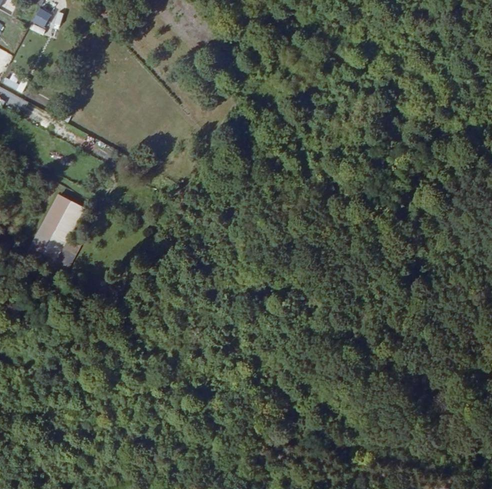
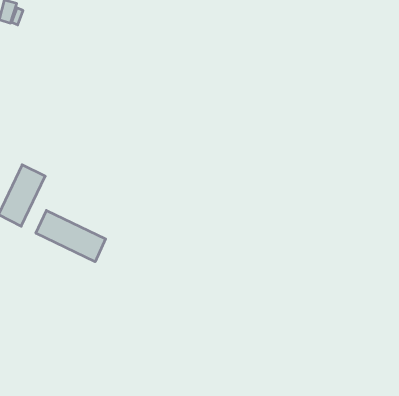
building: none -> [36,210,106,262]

